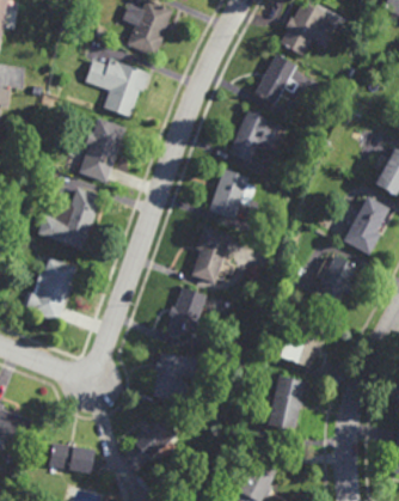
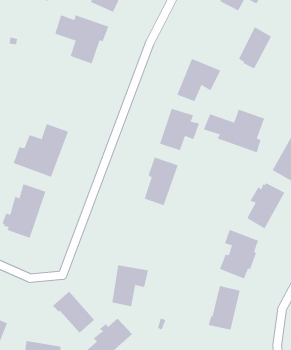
building: [257,54,296,104] -> [238,26,272,69]
building: [79,117,127,183] -> none
building: none -> [203,109,265,153]
building: [166,286,207,342] -> none
building: none -> [52,291,95,334]

